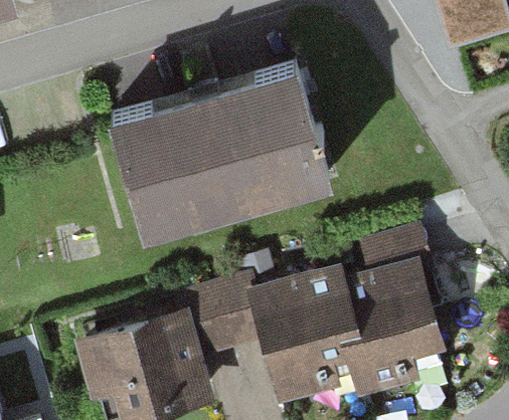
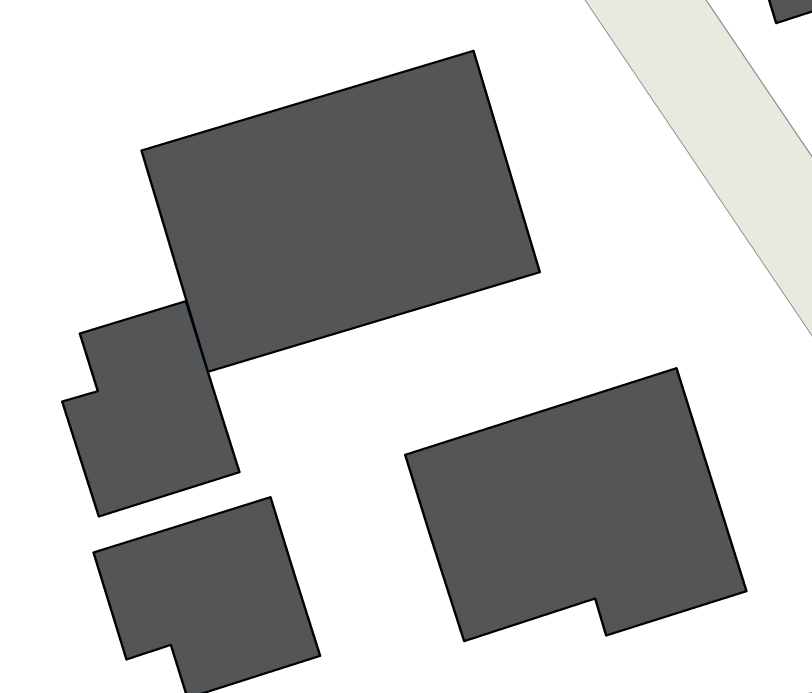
building: none -> [62,301,240,517]
building: [178,288,265,354] -> none

